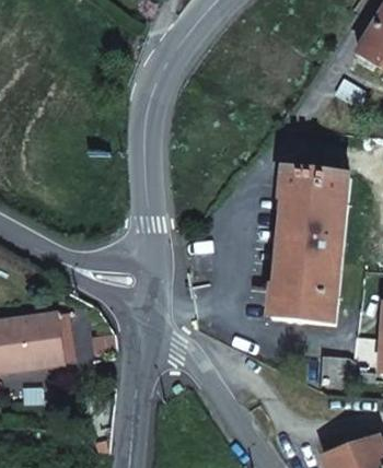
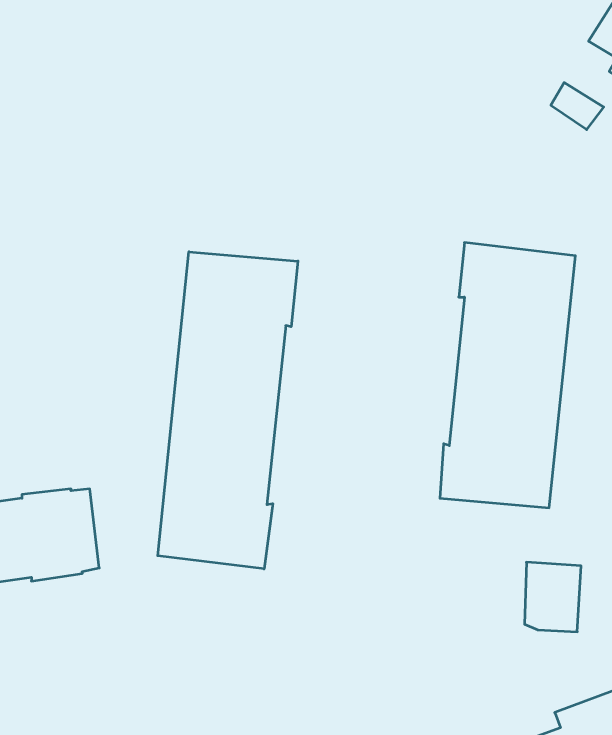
building: none -> [158,252,298,569]

